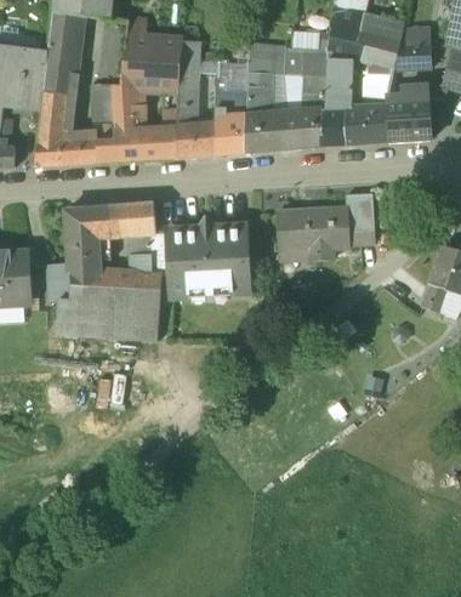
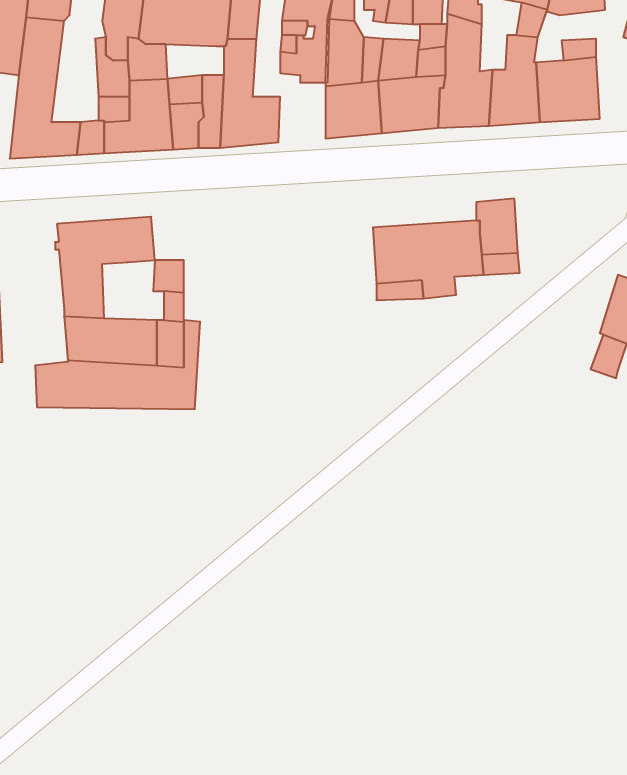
building: [215,108,246,154] -> none
building: [130,201,158,233] -> none
building: [169,223,250,295] -> none
building: [50,266,74,303] -> none

